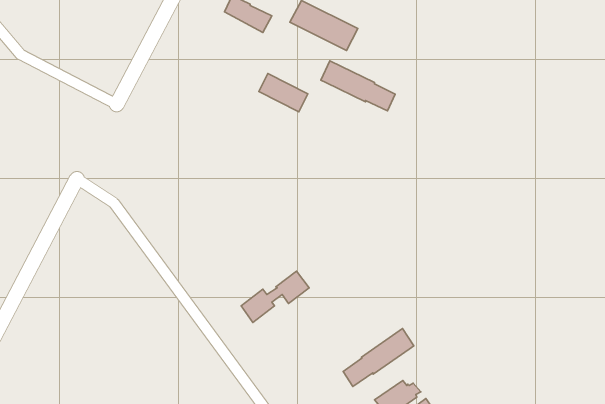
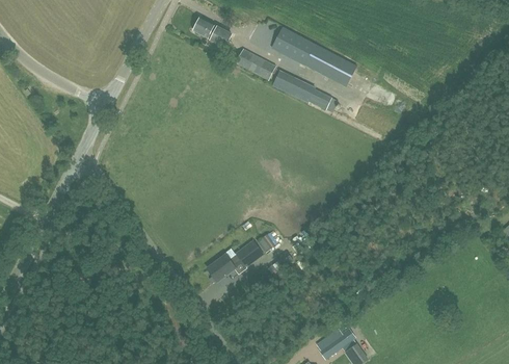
building: none -> [305,43,357,86]
building: [259,73,308,112] -> [237,48,276,79]
building: [343,329,414,386] -> none

